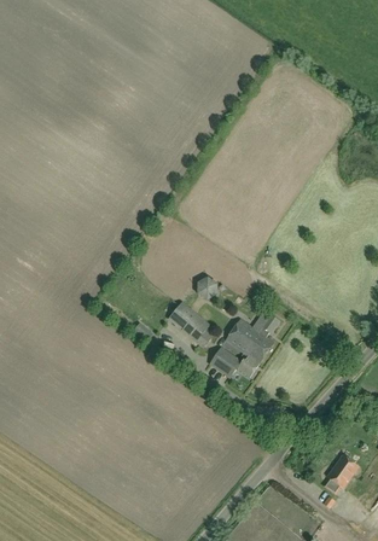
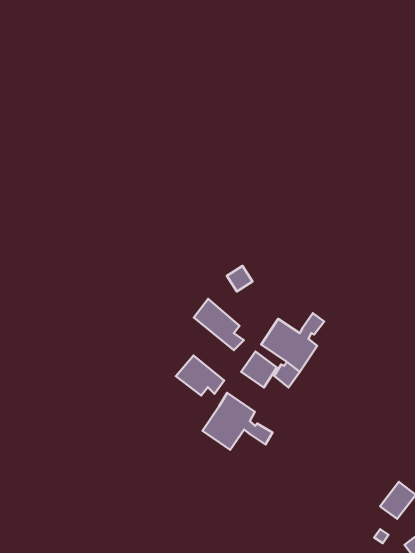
building: none -> [176,356,224,395]
building: none -> [202,393,272,450]

